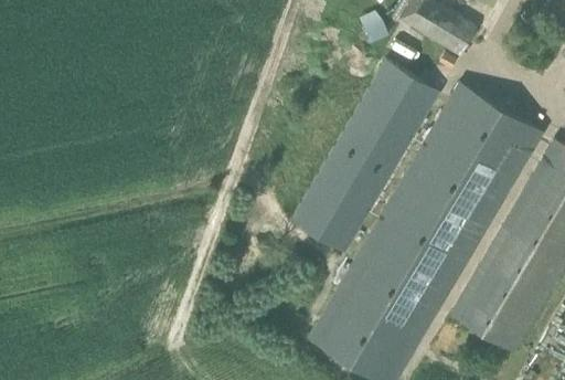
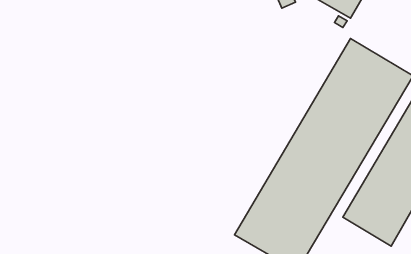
building: [291,61,438,252] -> none

